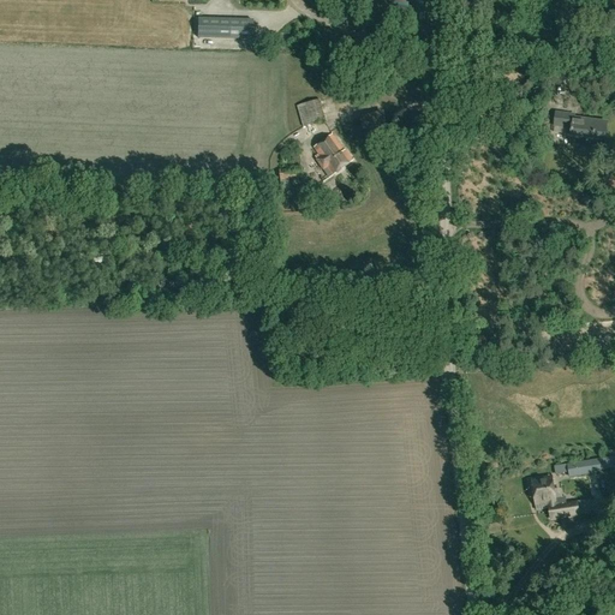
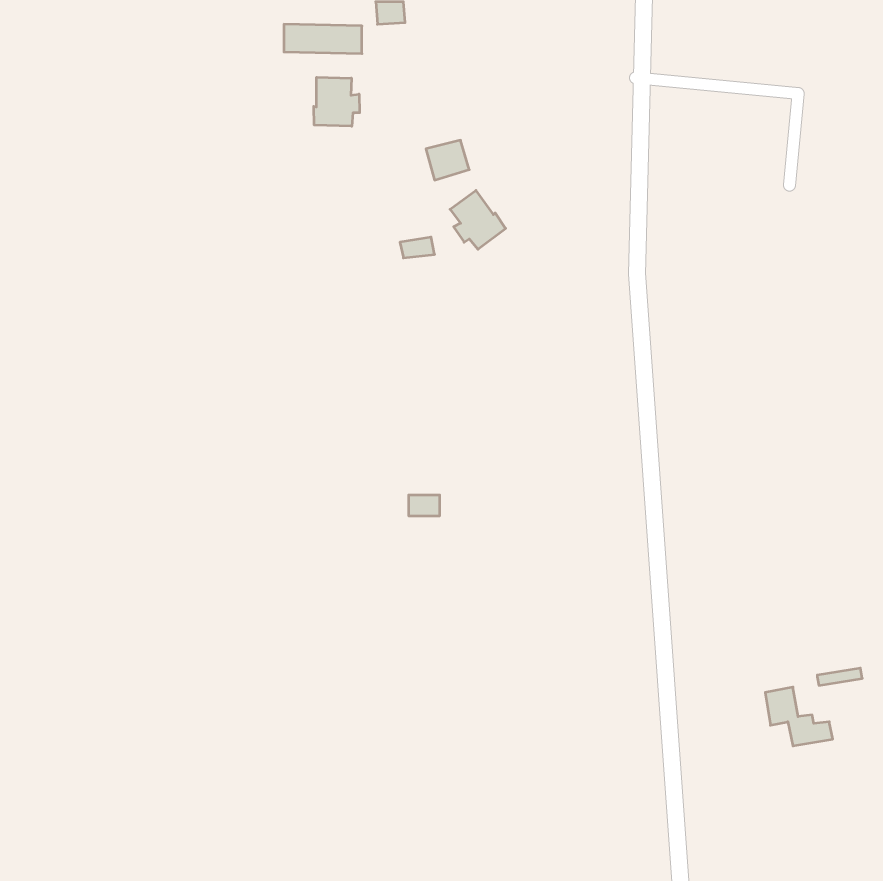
building: none -> [314,77,360,126]
building: [553,109,605,138] -> none

